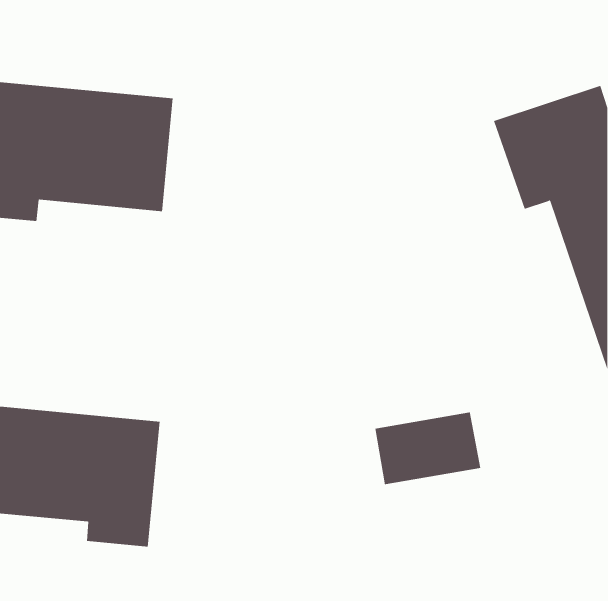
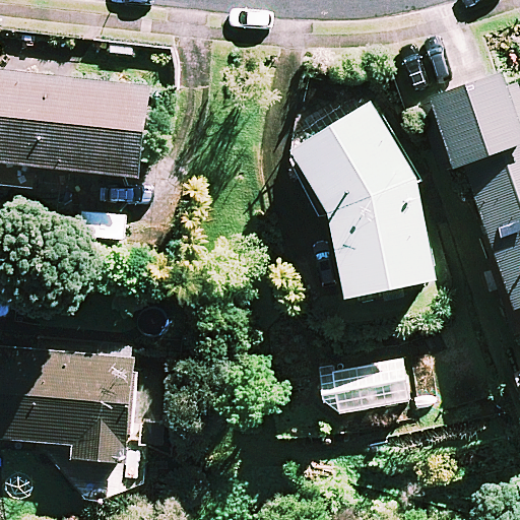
building: none -> [295,103,435,304]

